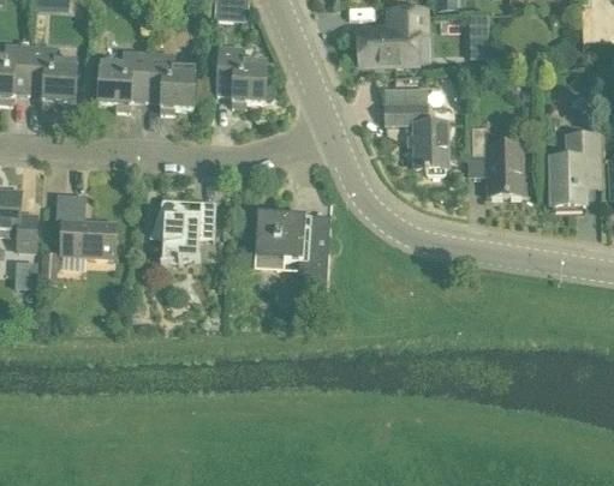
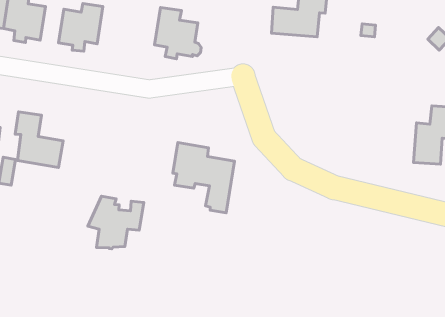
building: [145,52,195,113] -> none
building: [385,101,446,168] -> none
building: [471,126,523,196] -> none
building: [149,198,215,262] -> [88,196,144,249]

